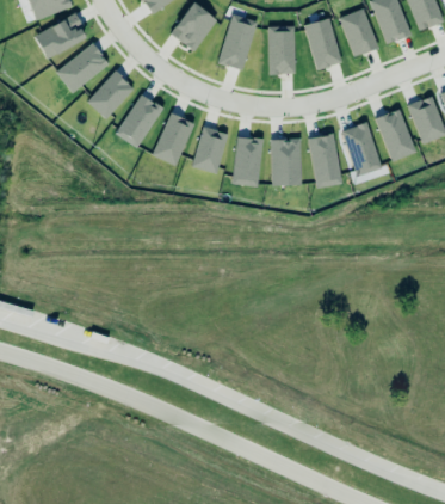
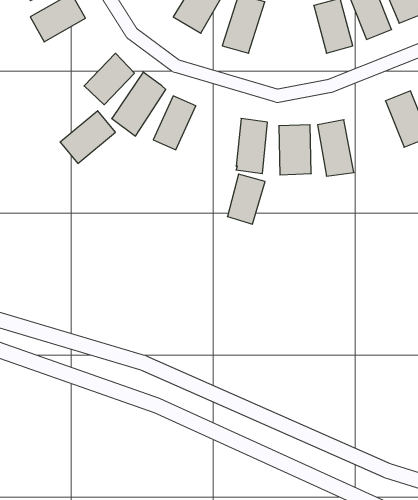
building: [268,26,295,74] -> none
building: [56,43,109,93] -> [60,111,115,163]
building: [341,122,382,177] -> none
building: [192,127,228,174] -> [227,174,265,224]

